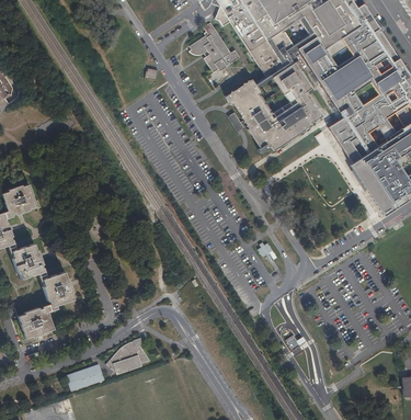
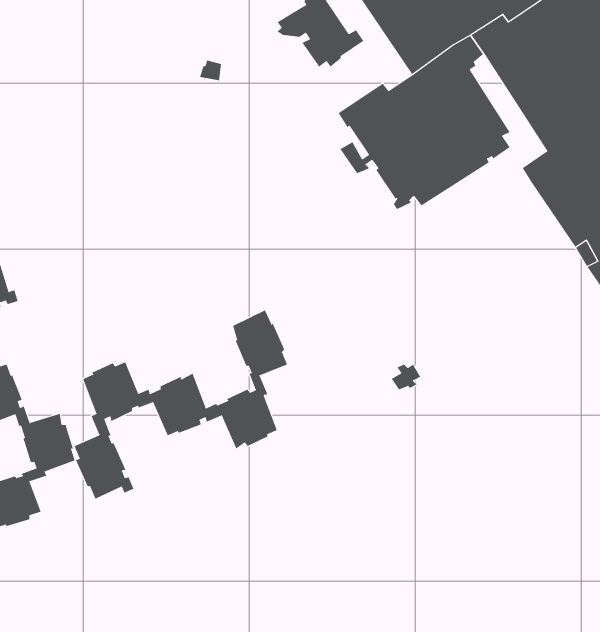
building: none -> [74,309,288,500]
building: [105,340,149,374] -> none
building: [64,363,104,391] -> none

